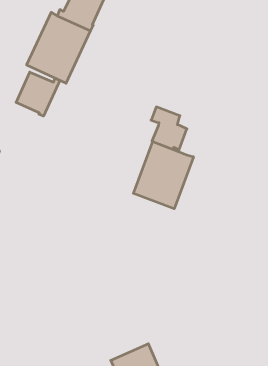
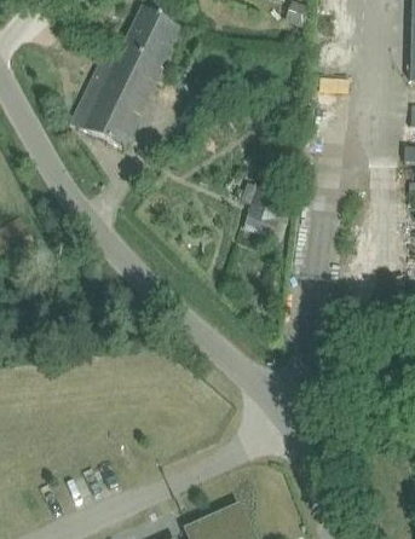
building: [16,72,60,116] -> none
building: [133,142,193,209] -> none

